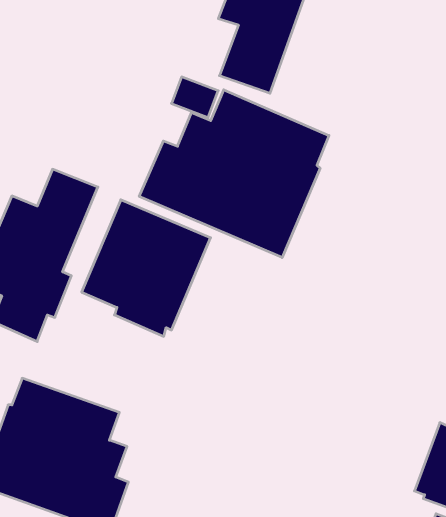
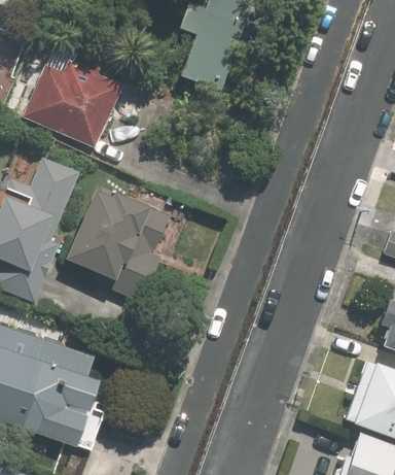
building: none -> [16,58,143,147]
building: [139,90,329,258] -> none

